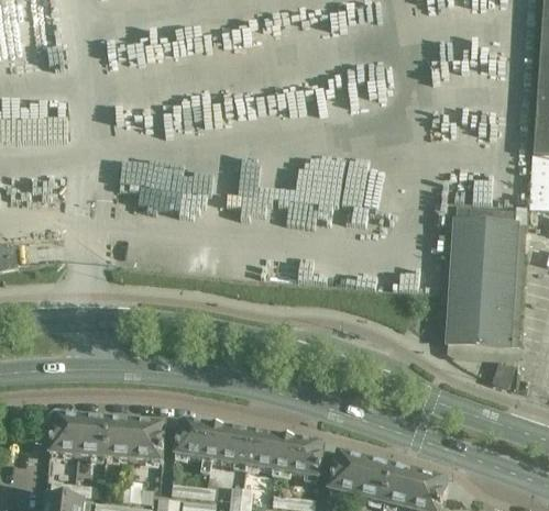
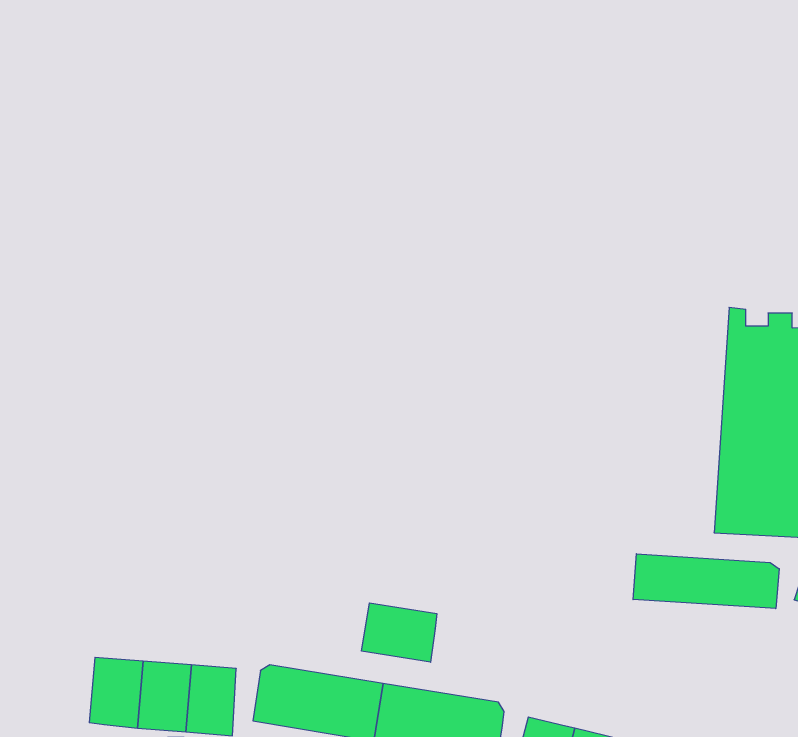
building: none -> [633,554,779,609]
building: none -> [362,603,437,662]
building: [48,416,80,456] -> none

